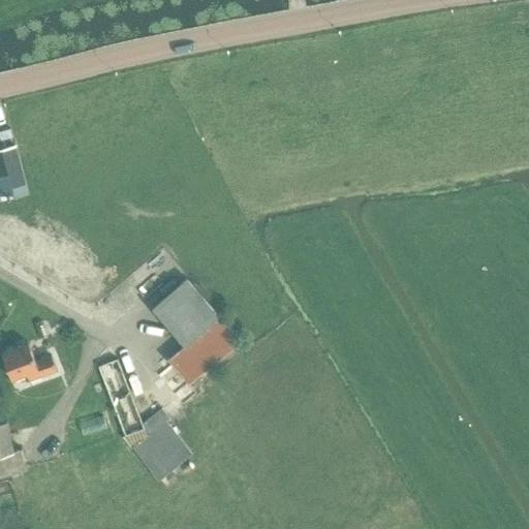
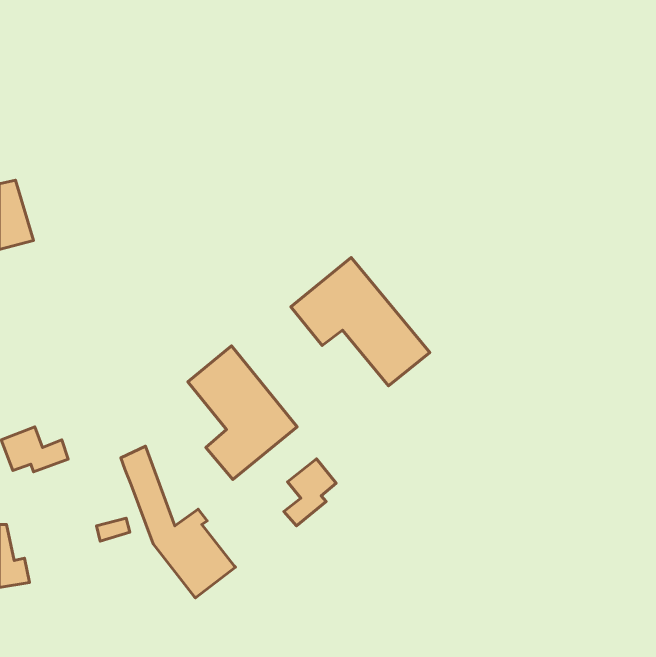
building: none -> [291,258,430,386]
building: none -> [284,459,336,526]

